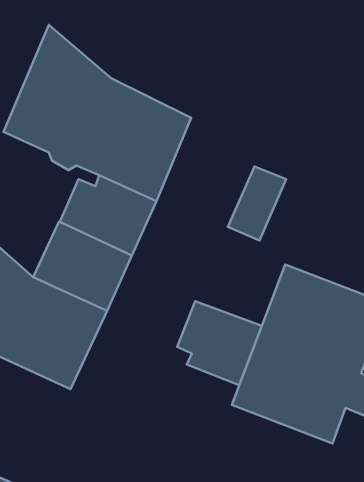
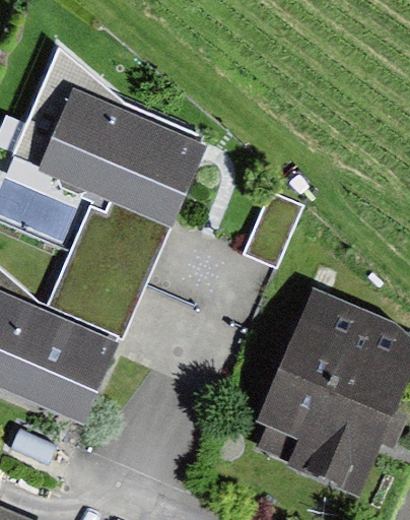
building: [177,301,262,385] -> none

